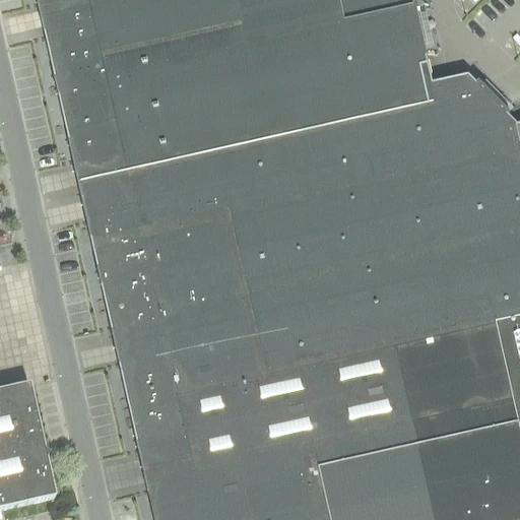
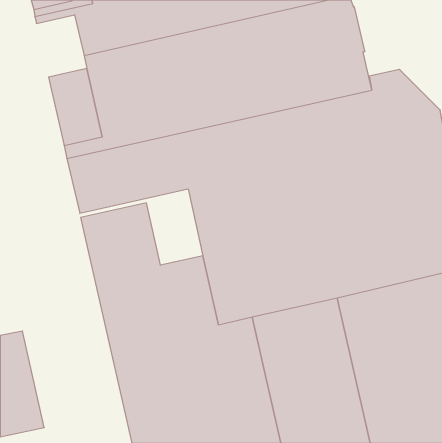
building: [44,17,103,90] -> none
building: [94,221,239,311] -> none

